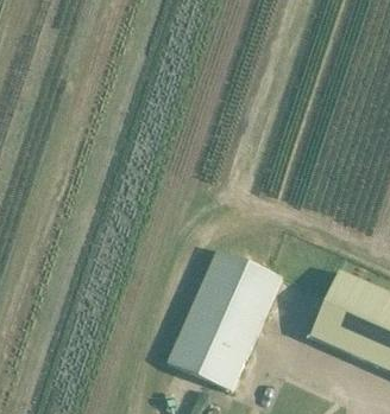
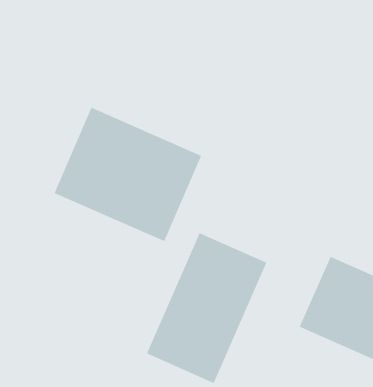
building: none -> [54,107,202,242]

